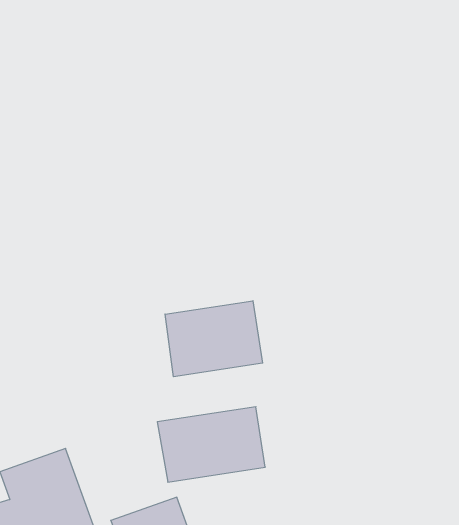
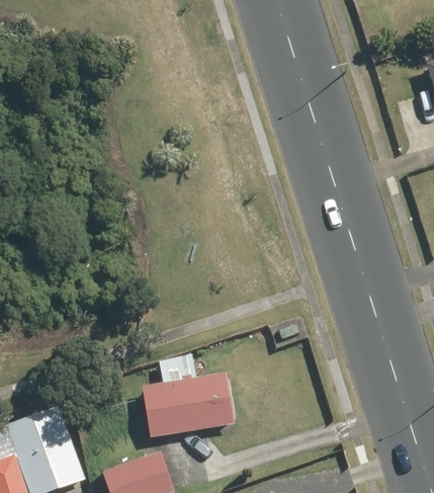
building: [165,301,263,377] -> none

